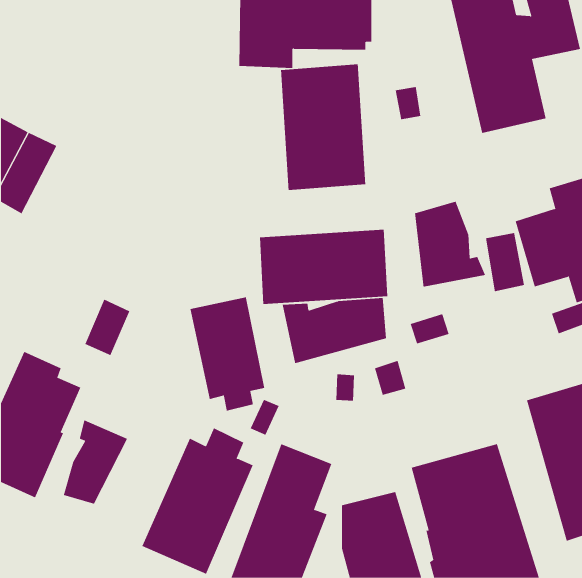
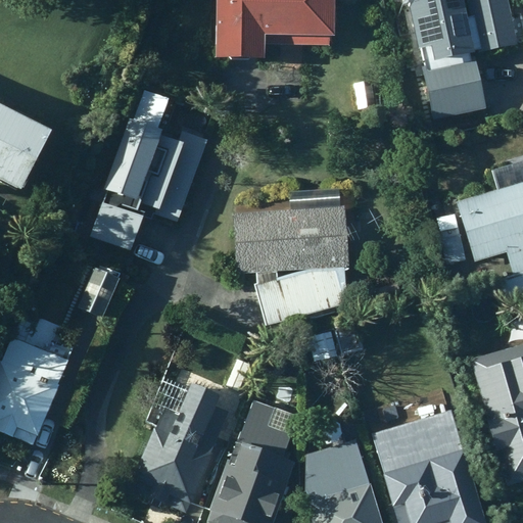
building: [280,64,366,191] -> none
building: none -> [92,120,207,250]
building: [415,201,486,287] -> none
building: [190,297,265,411] -> none
building: [63,419,128,505] -> none

